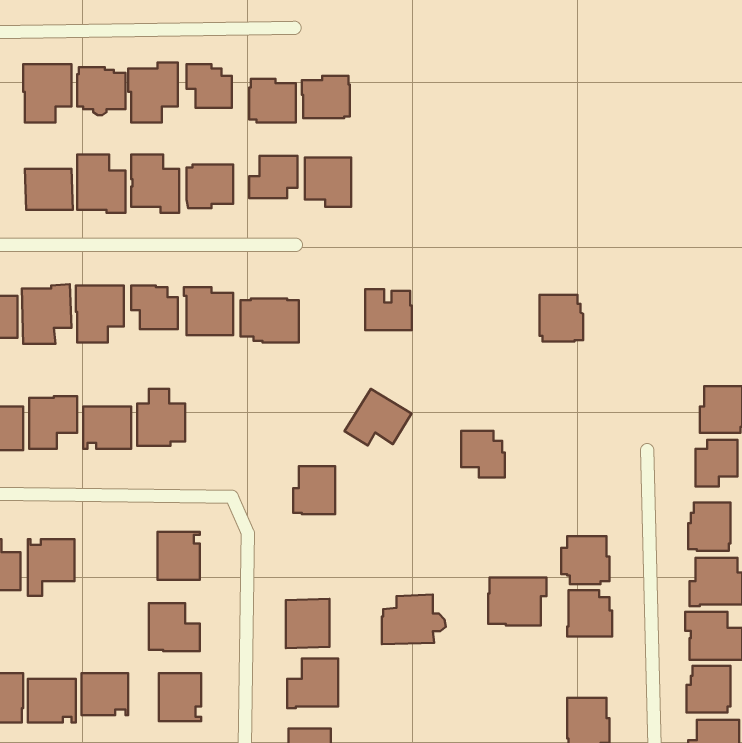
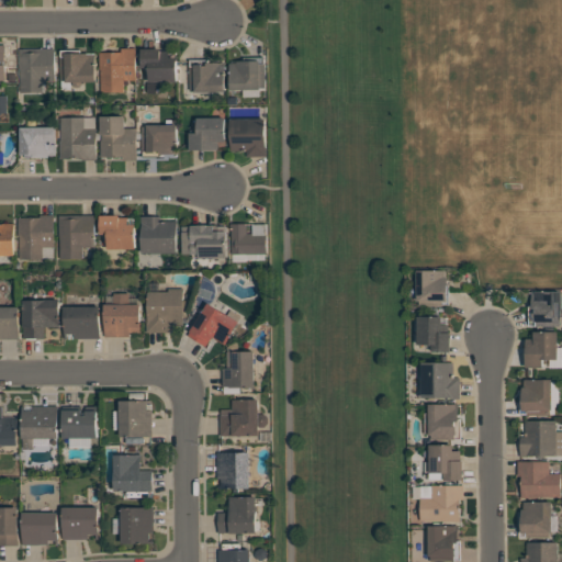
building: [365,289,412,330] -> [231,224,266,255]
building: [540,295,583,342] -> [415,271,448,306]
building: none -> [145,289,182,334]
building: [345,389,412,446] -> [187,304,237,347]
building: [461,431,505,477] -> [416,317,449,352]
building: none -> [419,363,458,401]
building: none -> [61,407,95,439]
building: [488,577,547,625] -> [418,486,462,522]
building: [382,595,446,644] -> [218,400,267,437]

